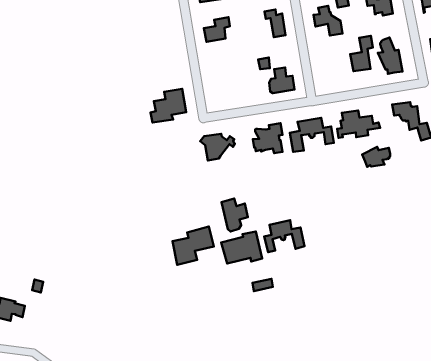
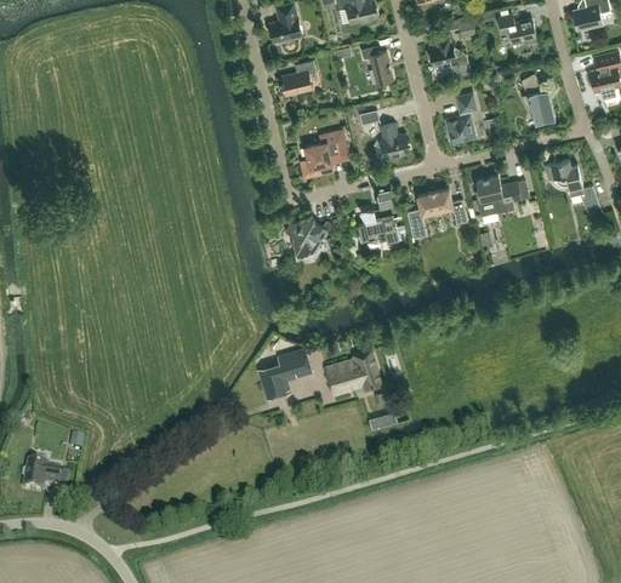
building: [350,36,373,71] -> [445,93,475,143]
building: [150,89,186,122] -> [301,128,349,177]
building: [362,147,390,167] -> none
building: [221,199,248,231] -> none
building: [264,220,305,252] -> none

